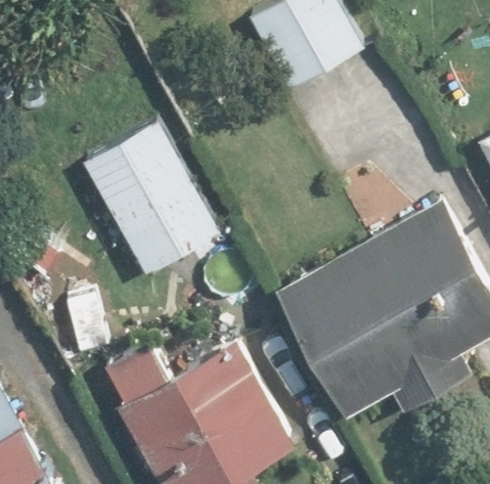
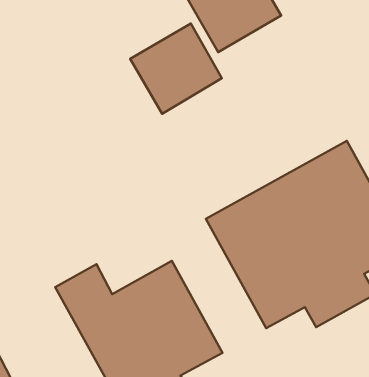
building: none -> [130,24,222,114]
building: [78,121,219,280] -> none

